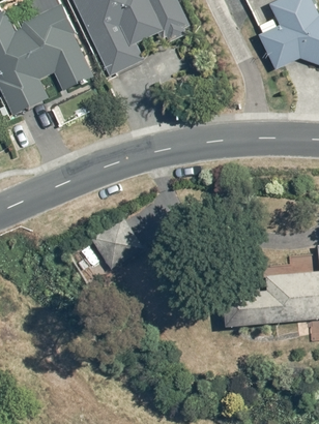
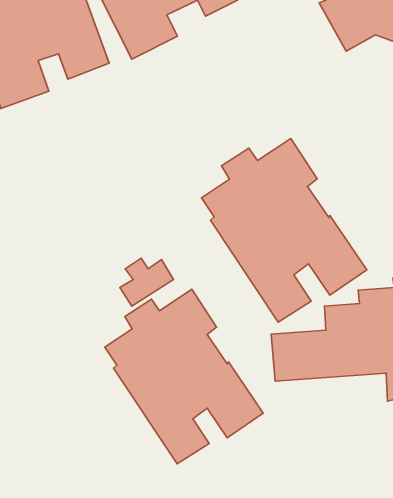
building: none -> [201,138,367,322]
building: none -> [105,289,263,464]

